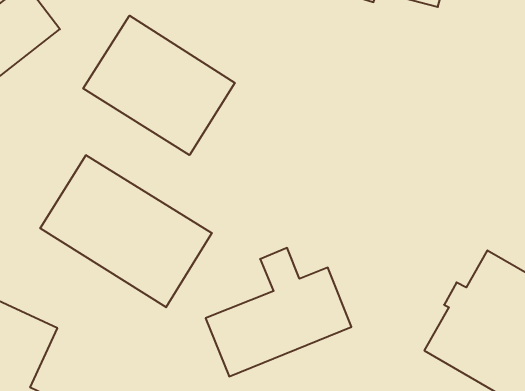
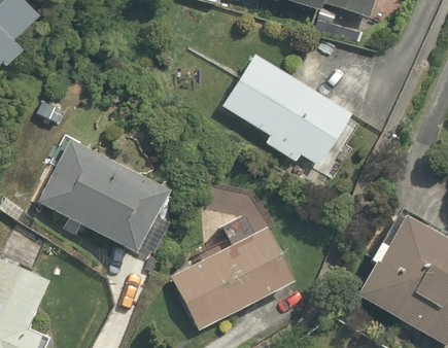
building: [83,16,235,155] -> none
building: none -> [223,55,353,170]

